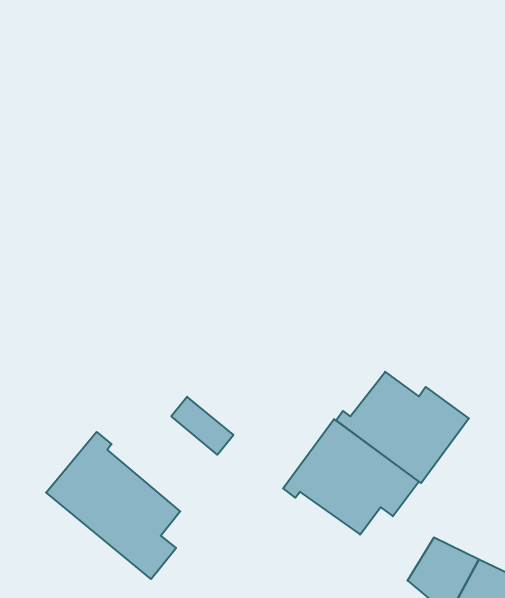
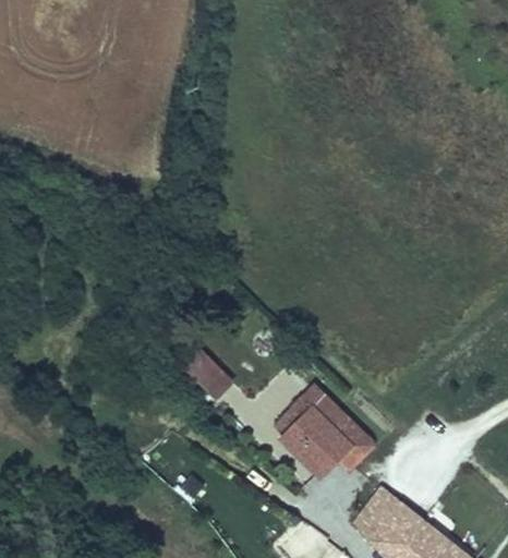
building: [336,372,469,483] -> none
building: [46,432,180,579] -> none

